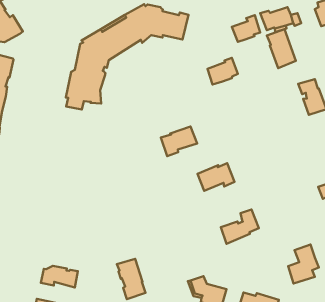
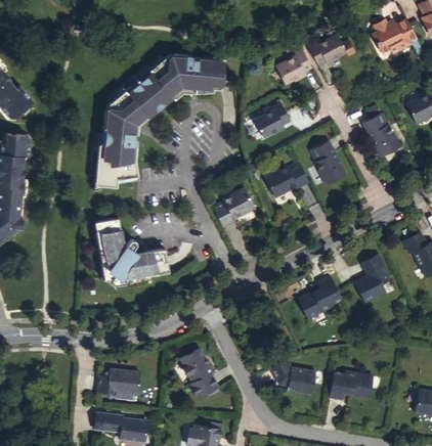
building: [267,29,296,68] -> [309,139,347,185]
building: none -> [93,218,167,284]
building: [198,163,234,191] -> [265,163,309,198]
building: [288,244,319,284] -> [354,252,390,300]

